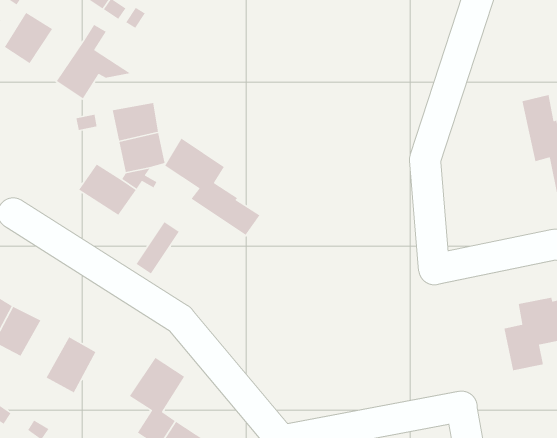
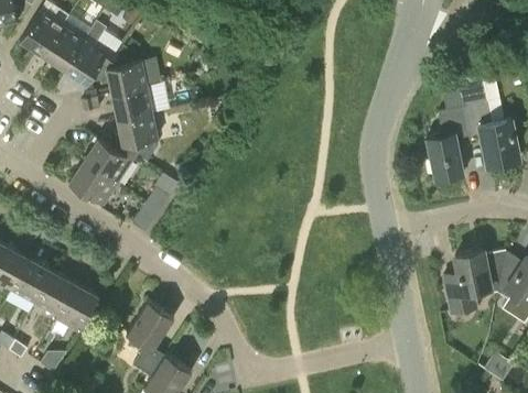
building: none -> [42,25,87,69]
building: none -> [106,57,160,94]
building: none -> [425,85,468,181]
building: [164,138,260,236] -> none
building: none -> [68,161,117,206]
building: none -> [34,271,75,319]

